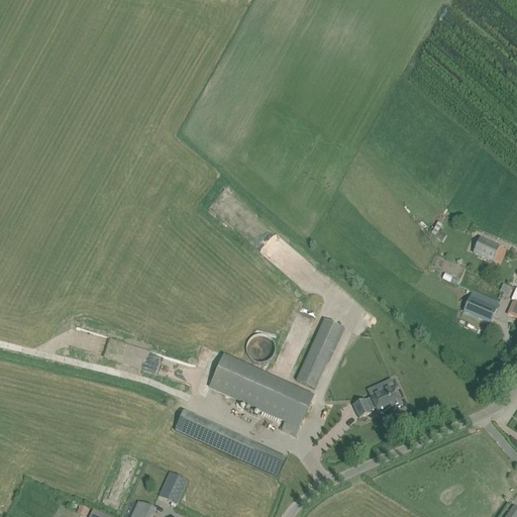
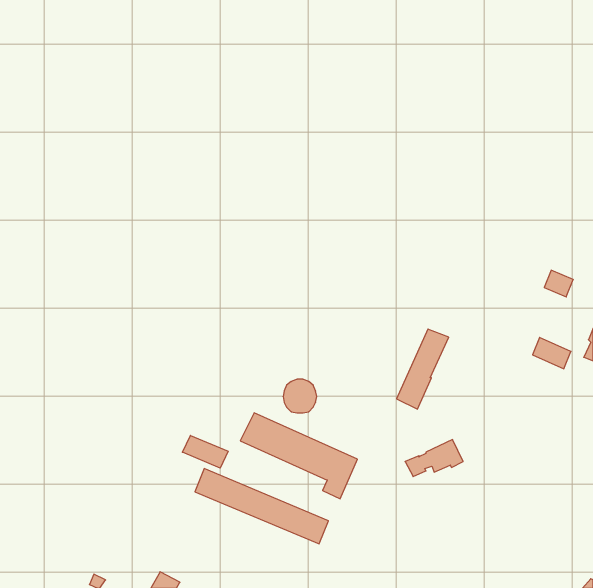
building: [297,317,342,387] -> [397,329,449,409]
building: none -> [182,435,228,468]
building: [160,470,187,501] -> none

